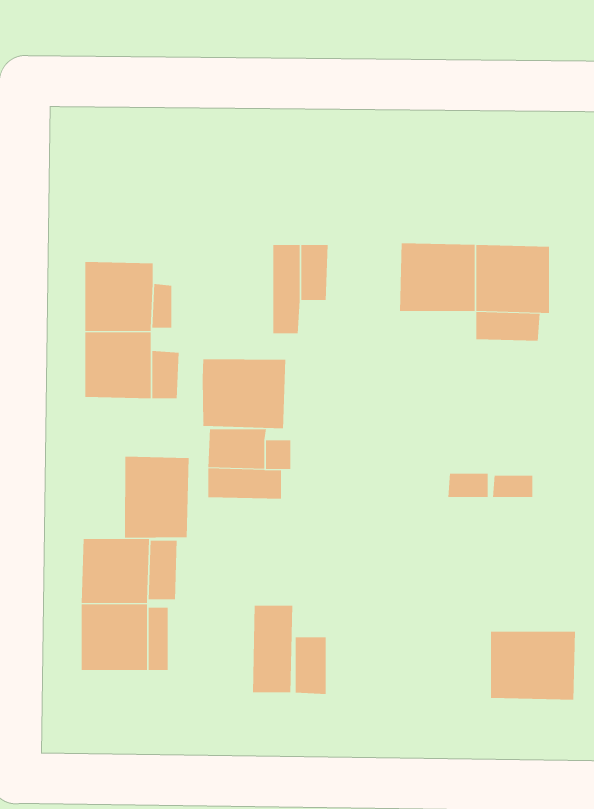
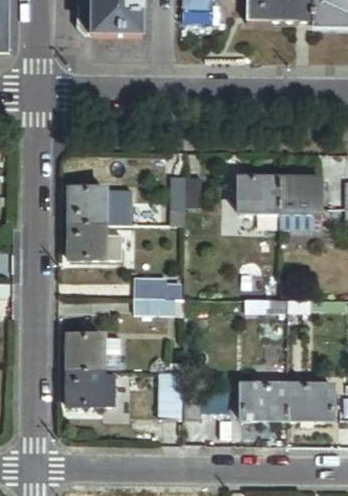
building: [202,358,286,429] -> none
building: [124,456,189,538] -> none
building: none -> [242,383,288,420]

